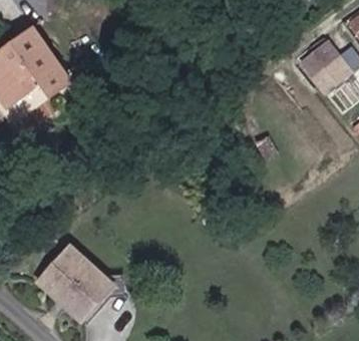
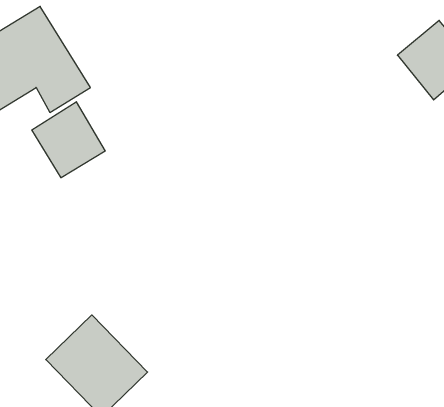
building: none -> [32,102,105,178]

